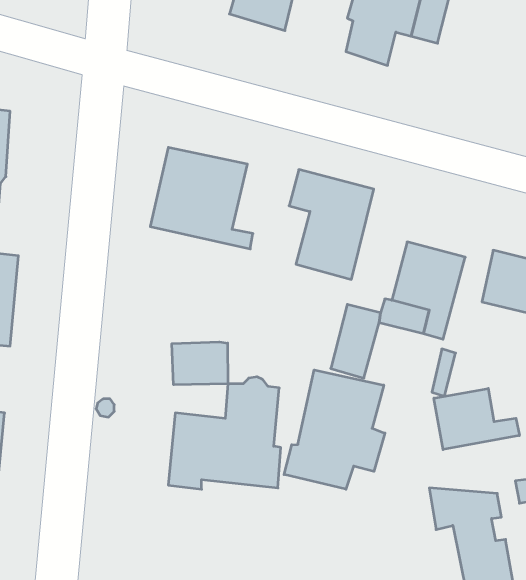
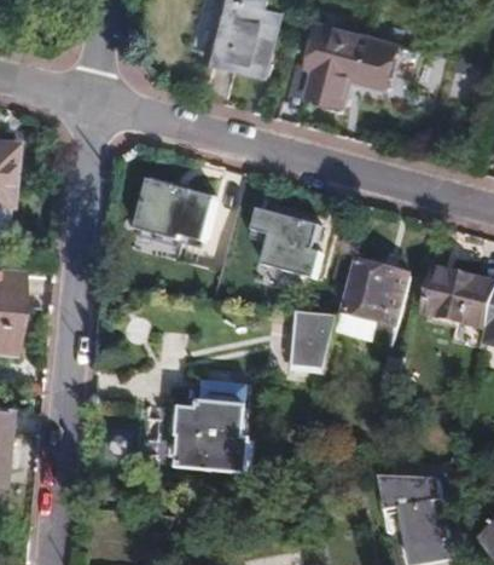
building: [172,342,228,385] -> none
building: [284,370,385,489] -> none
building: [434,388,519,450] -> none

